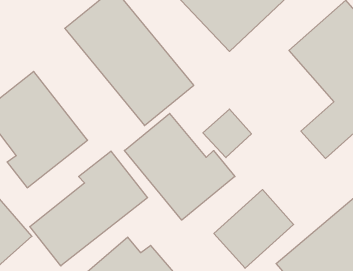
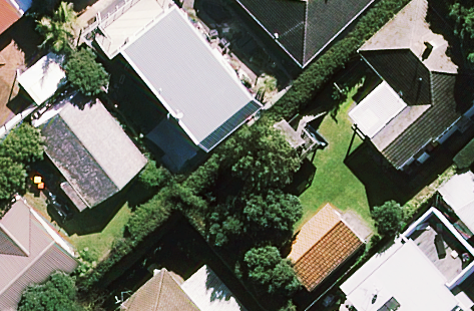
building: [124,113,235,220] -> none
building: [30,151,148,266] -> none

